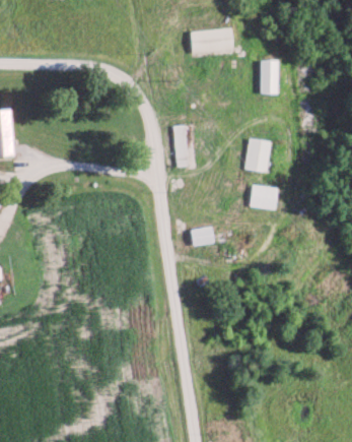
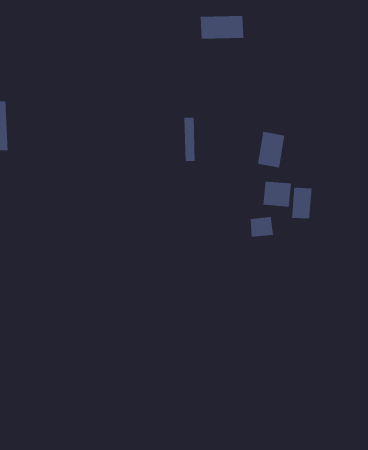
building: [261,60,279,94] -> none
building: none -> [291,187,312,219]
building: [192,227,214,246] -> [250,217,274,237]

